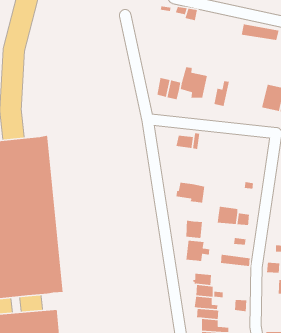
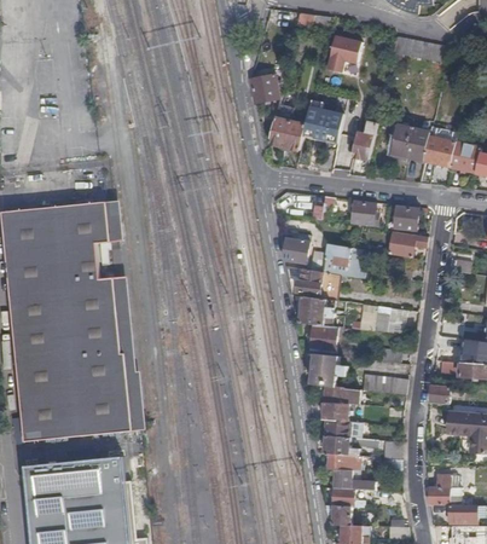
building: none -> [326,35,363,75]
building: none -> [250,74,278,102]
building: none -> [385,122,429,161]
building: none -> [350,199,376,225]
building: none -> [393,204,418,230]
building: none -> [389,232,428,257]
building: none -> [283,237,308,265]
building: none -> [321,243,350,274]
building: none -> [298,295,334,325]
building: none -> [324,384,359,404]

